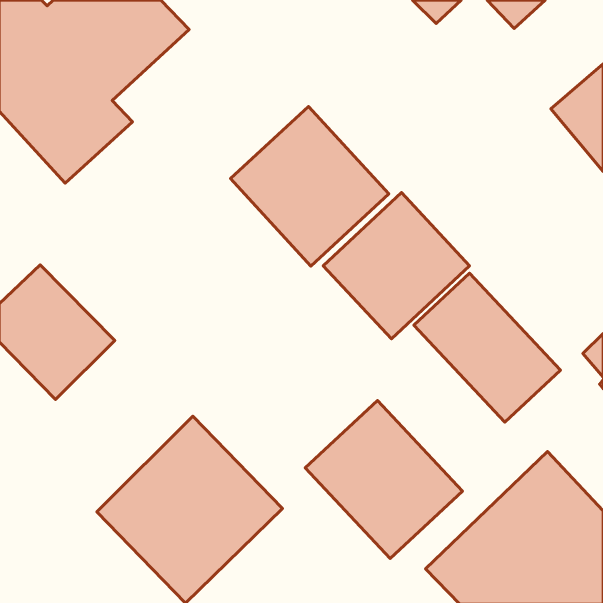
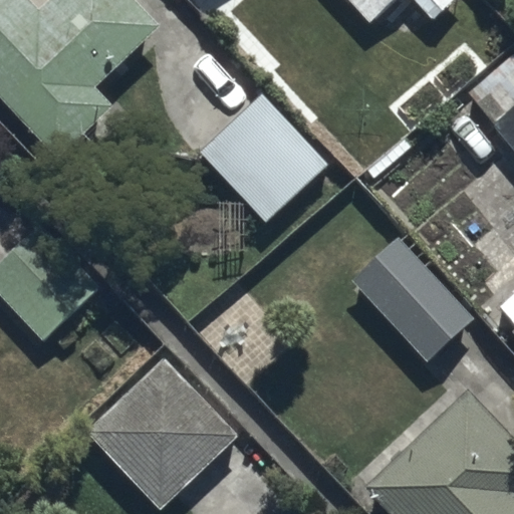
building: [323,193,470,339] -> none
building: [305,400,463,559] -> none

